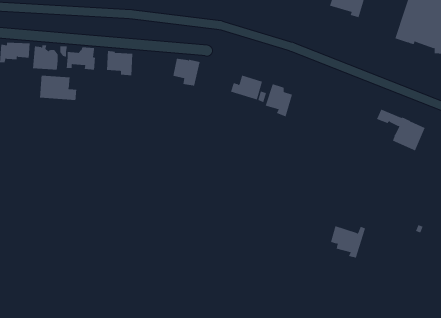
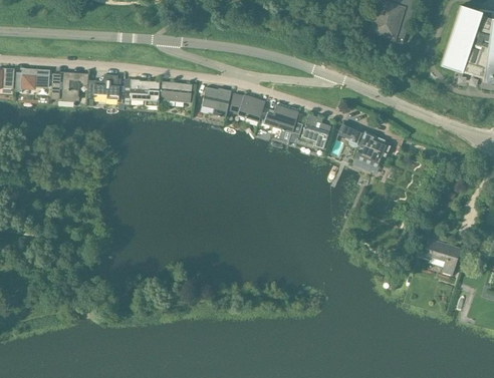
building: none -> [161,80,193,102]
building: none -> [230,94,266,121]
building: [39,75,77,101] -> none
building: [376,109,426,151] -> [338,122,392,167]
building: [330,225,366,258] -> [424,238,462,273]

